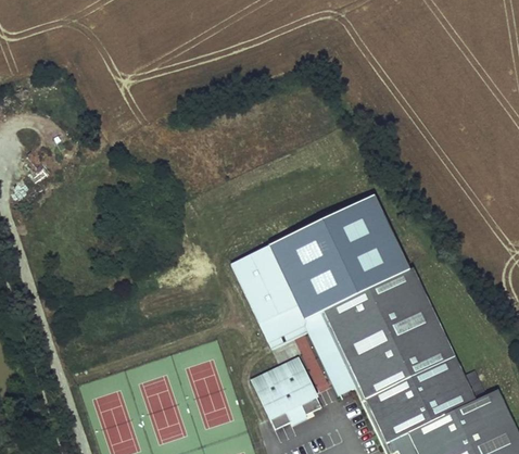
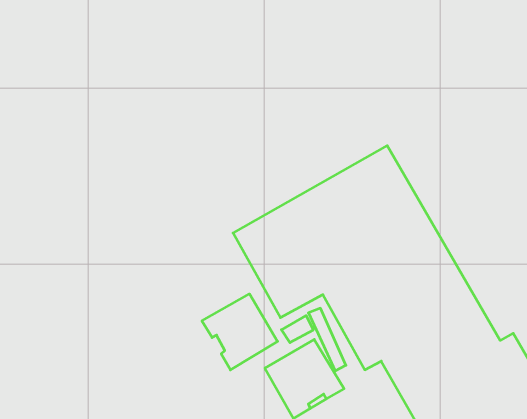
building: none -> [202,294,278,370]

